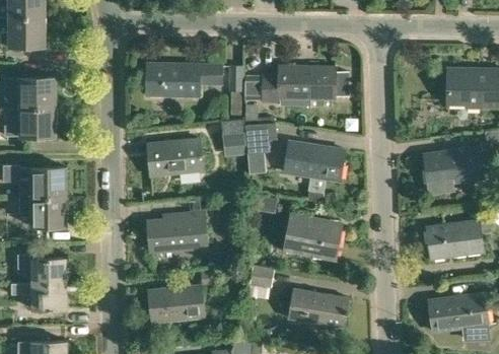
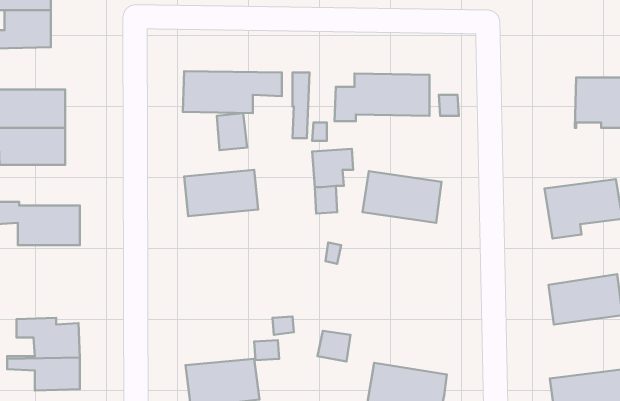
building: [221,118,244,146] -> [217,113,247,150]
building: [18,198,66,226] -> none
building: [147,212,207,252] -> none
building: [283,213,341,264] -> none

